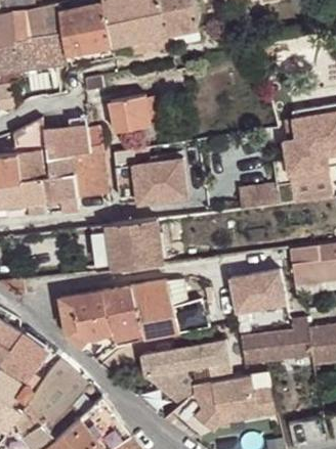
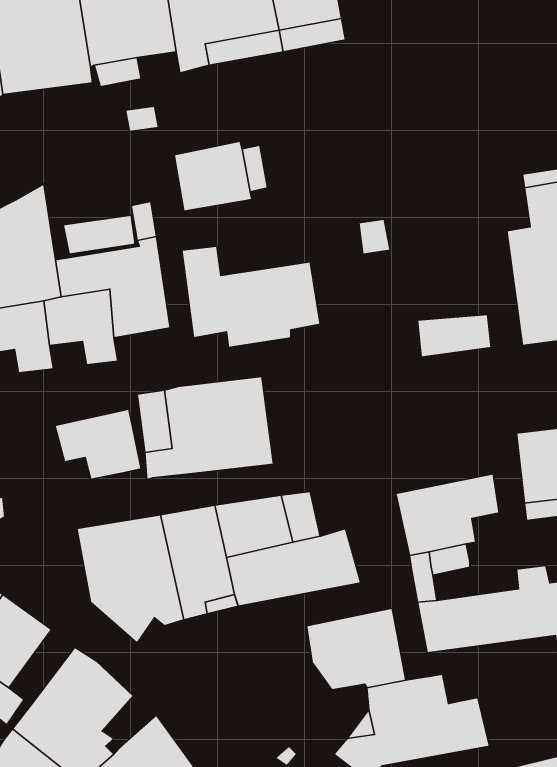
building: none -> [55,409,141,480]
building: [141,349,195,404] -> none

